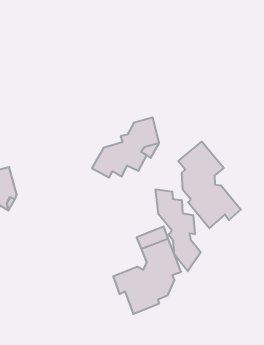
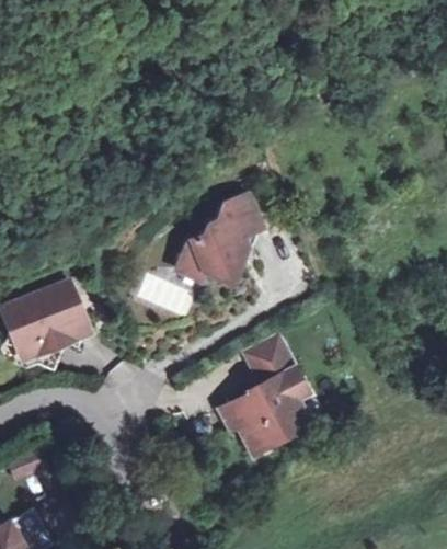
building: [178,142,241,228] -> none
building: [156,189,201,271] -> none

